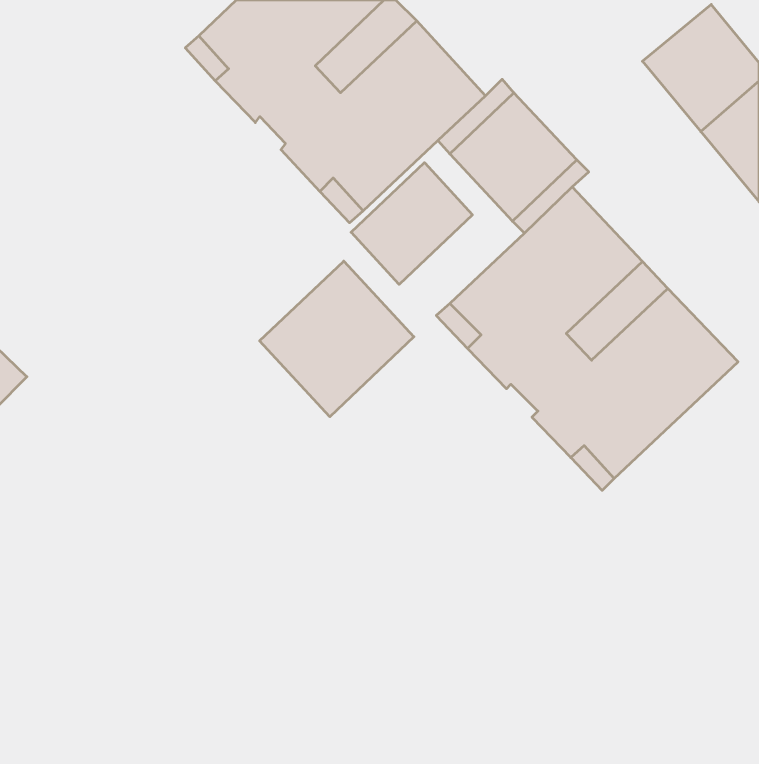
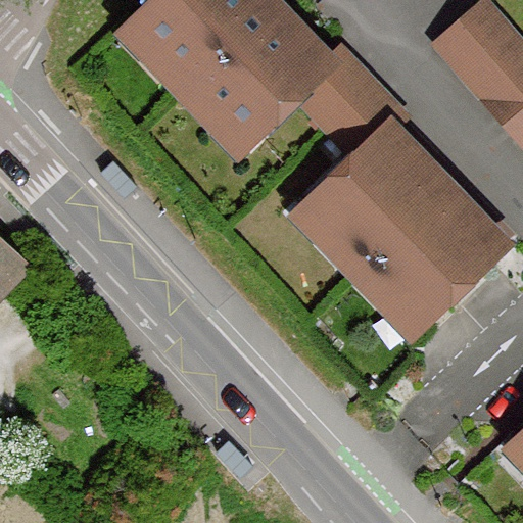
building: [351,163,472,284] -> none
building: [260,261,414,417] -> none

